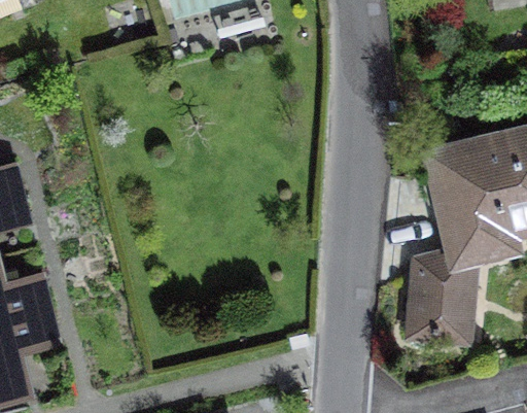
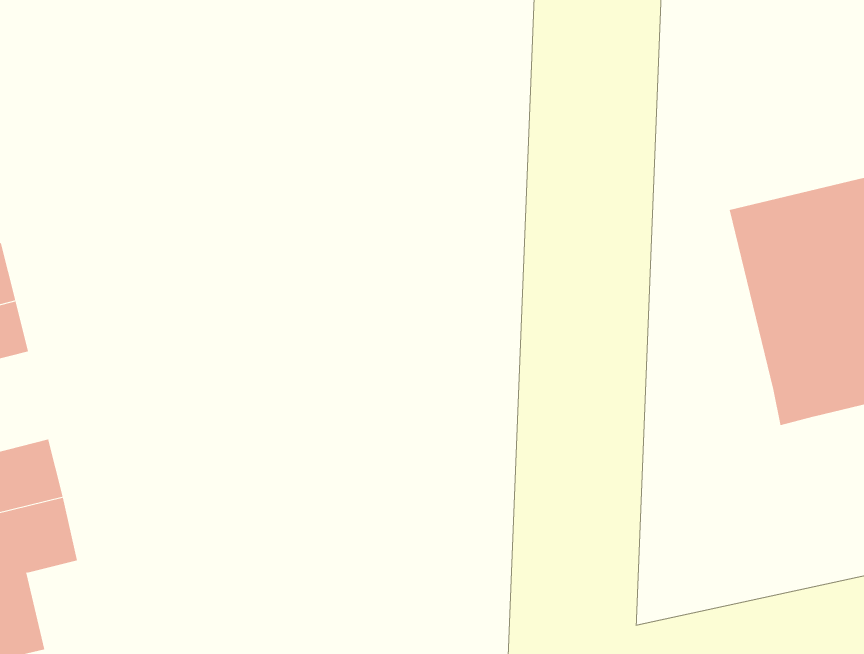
building: [405,248,477,343] -> none

